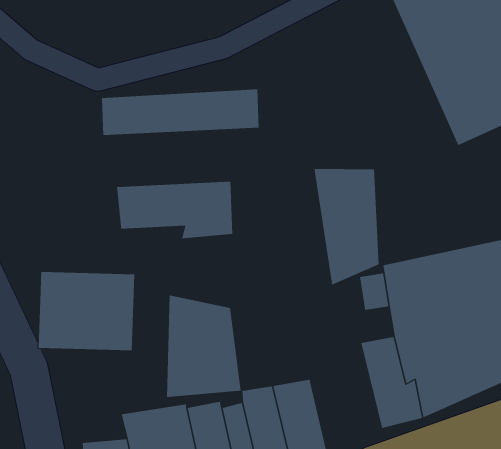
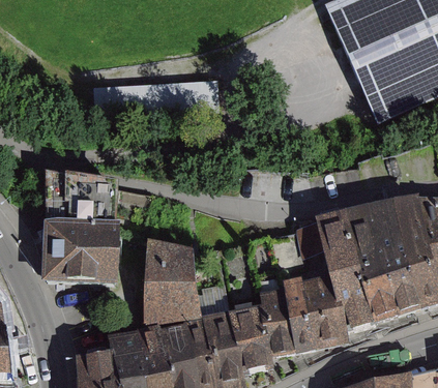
building: [314,168,379,286] -> none
building: [116,181,233,239] -> none
building: none -> [259,278,318,355]

